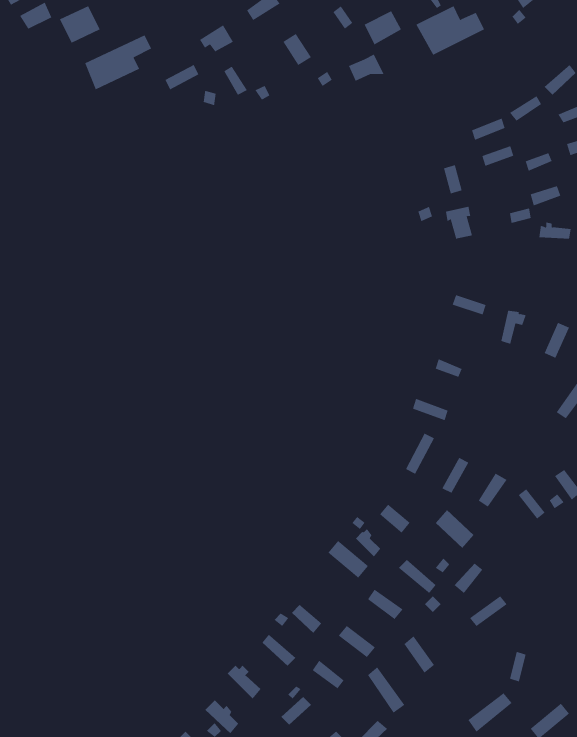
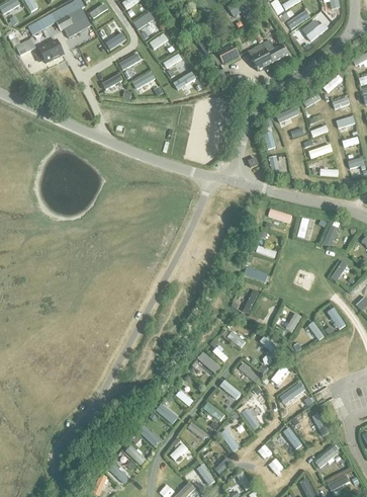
building: [85,34,152,90] -> none

